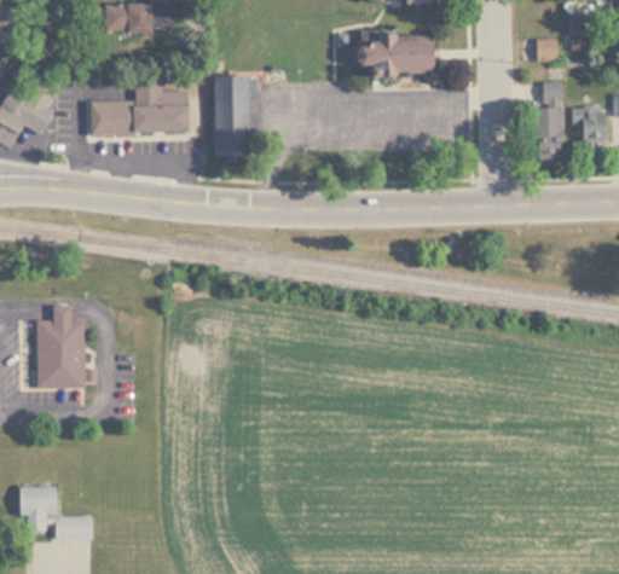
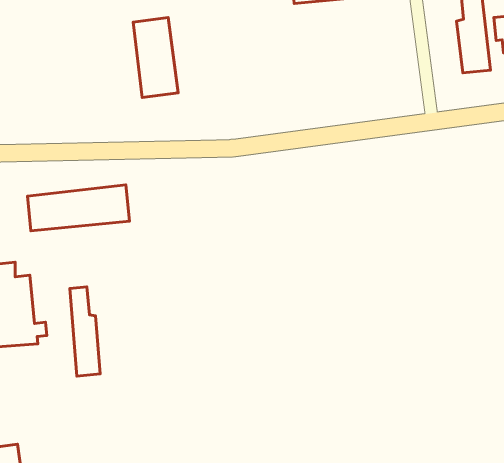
building: [92,97,191,133] -> [27,185,130,231]
building: none -> [70,287,100,376]

